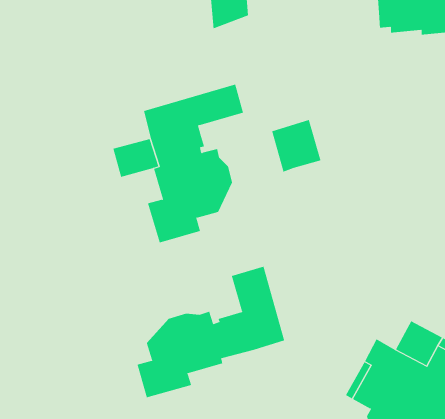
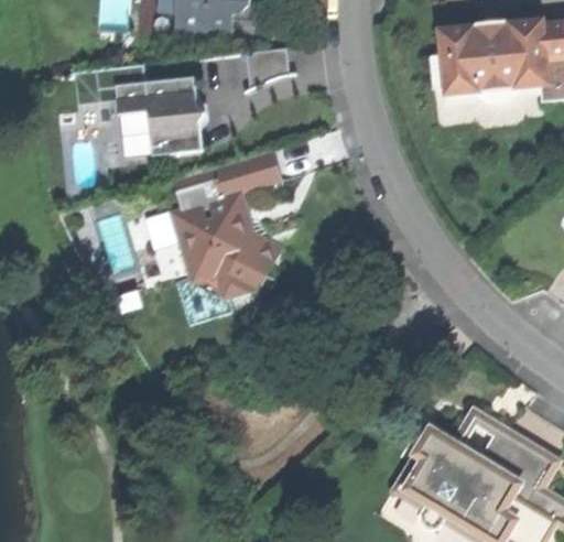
building: none -> [126,79,205,158]
building: [271,119,321,172] -> none
building: [137,266,285,398] -> none

